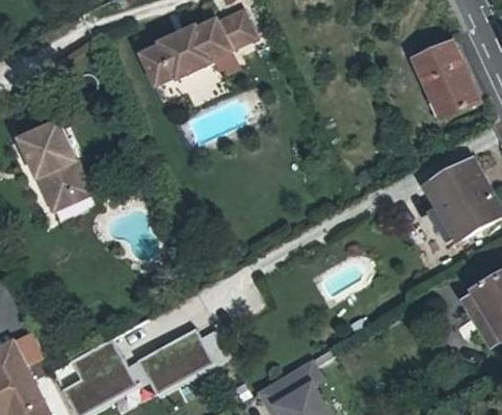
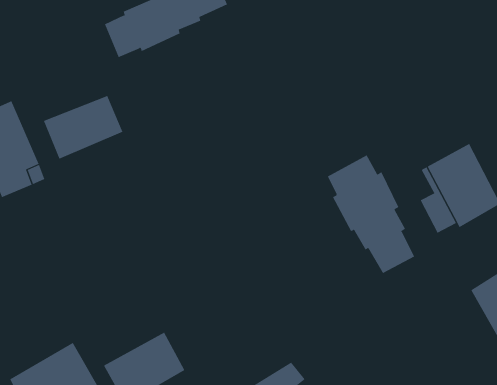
building: [416,43,476,114] -> none
building: none -> [43,95,123,159]
building: none -> [327,154,415,274]

